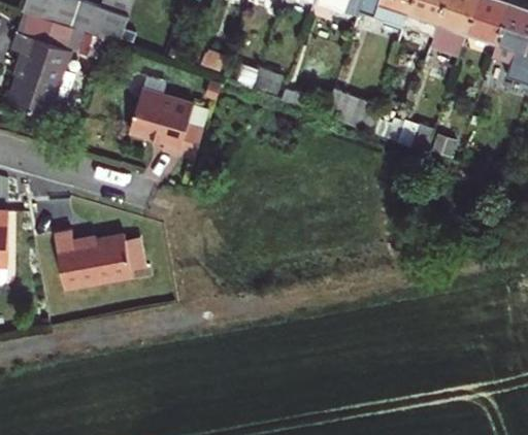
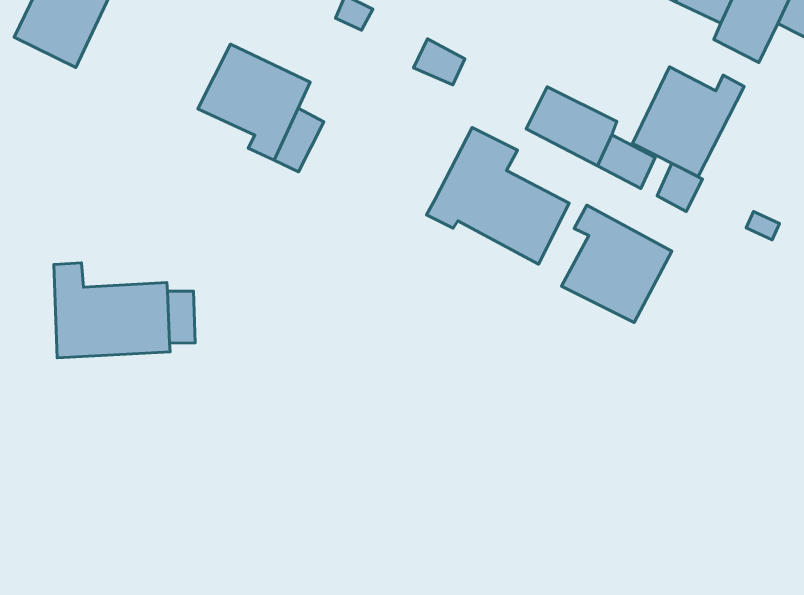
building: none -> [633,67,744,176]
building: none -> [426,128,569,264]
building: none -> [561,205,672,323]

